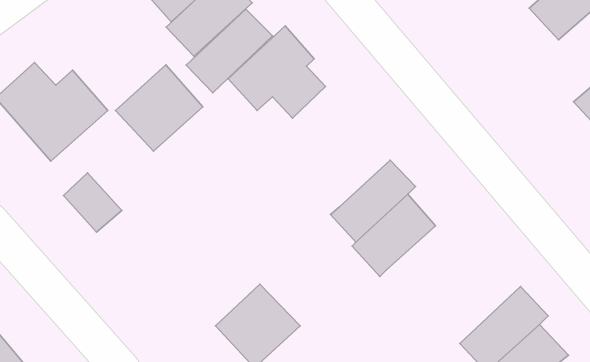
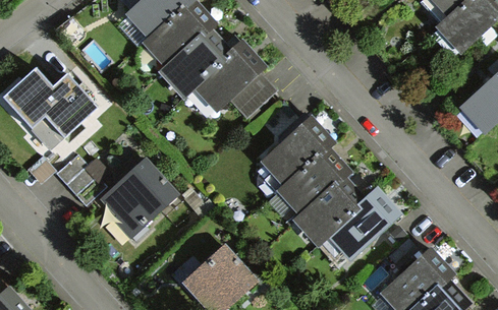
building: [115,65,203,151] -> [107,165,177,234]
building: none -> [259,115,329,184]
building: none -> [320,188,396,262]

